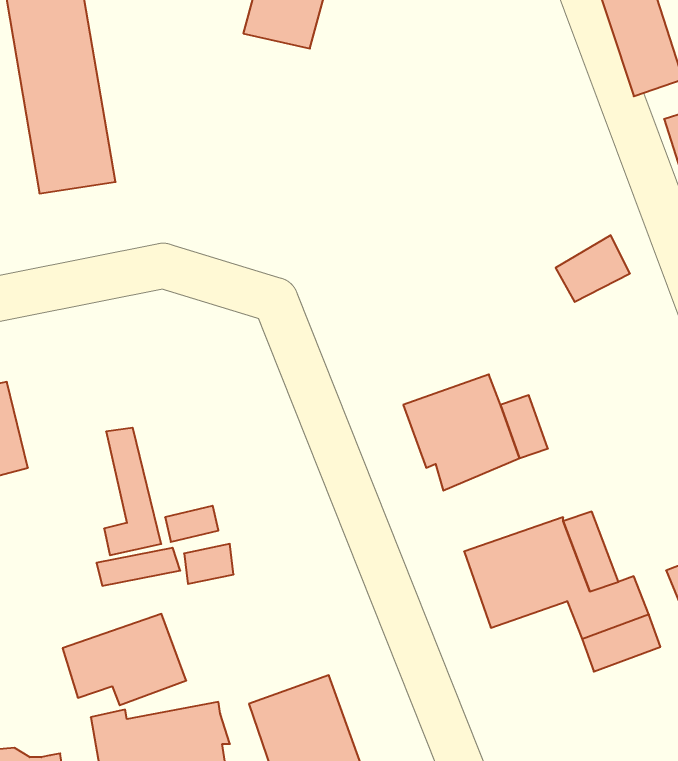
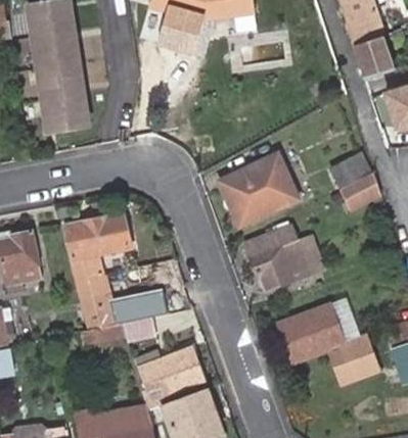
building: none -> [221,153,293,227]
building: none -> [334,172,376,209]
building: none -> [63,216,131,310]
building: [63,614,186,705] -> [138,344,205,393]

